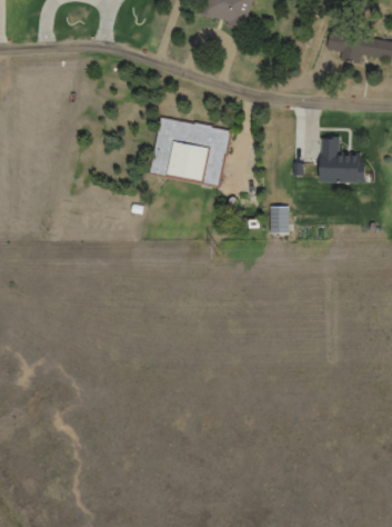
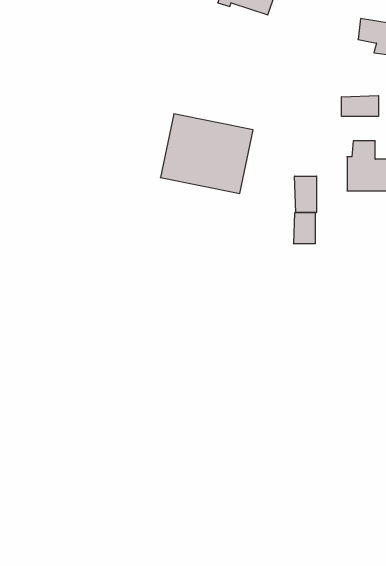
building: none -> [342,96,378,116]
building: none -> [295,176,317,213]

